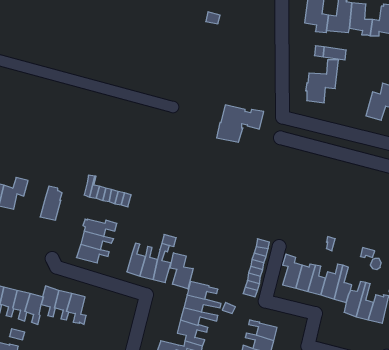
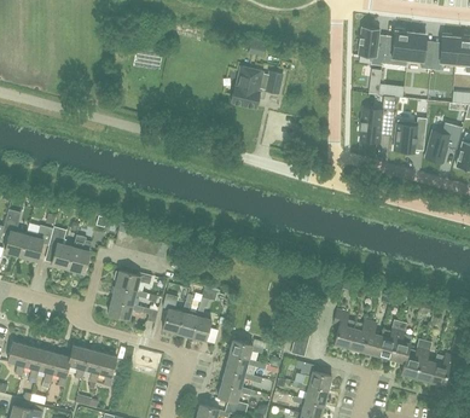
building: none -> [394,116,427,151]
building: [217,105,264,142] -> [231,66,283,108]
building: none -> [48,226,72,268]
building: [170,253,193,289] -> none
building: none -> [295,360,331,390]

